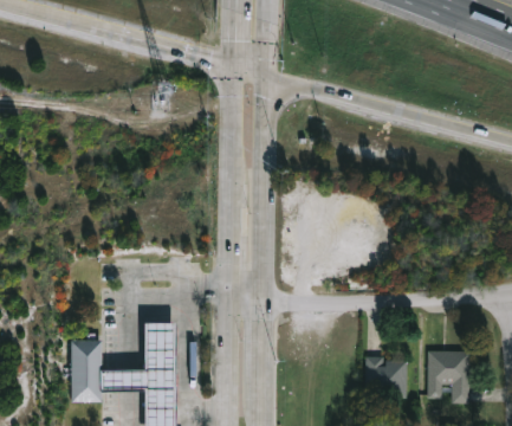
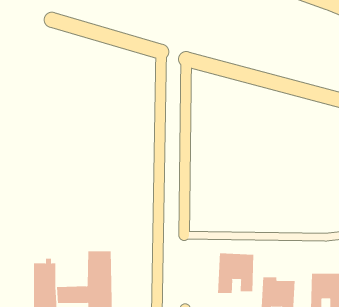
building: none -> [217,252,254,294]

